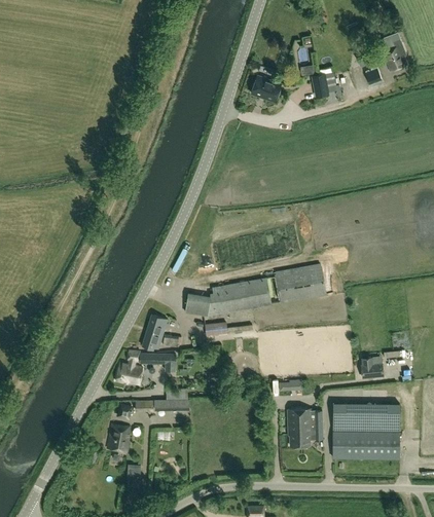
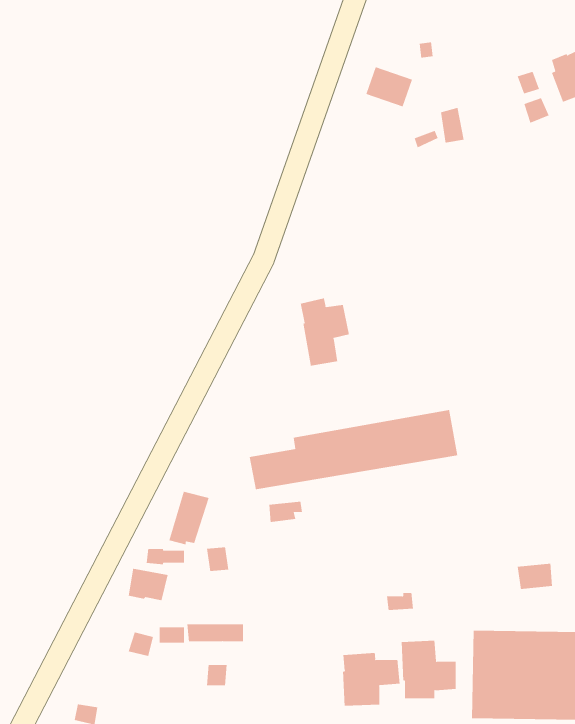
building: [251,76,281,102] -> [366,66,413,107]
building: none -> [300,297,349,367]
building: none -> [343,652,400,707]
building: [108,424,130,451] -> none

